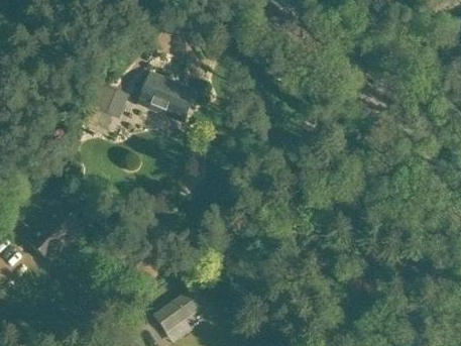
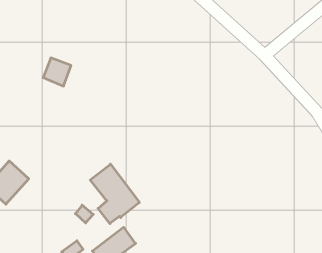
building: [138,77,198,121] -> none
building: none -> [90,164,139,224]

